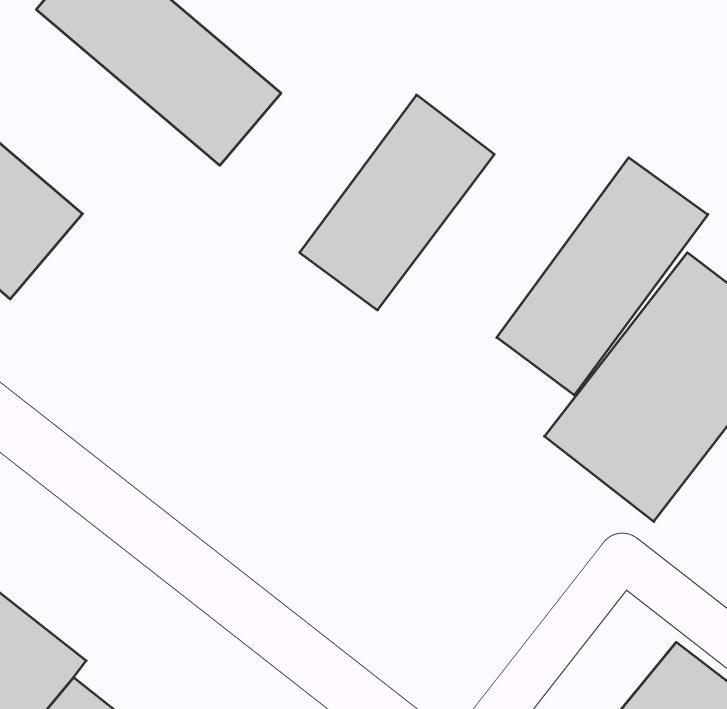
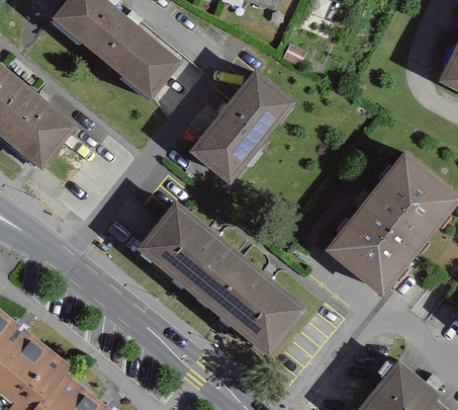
building: [497,158,708,395] -> none
building: none -> [135,204,307,359]

